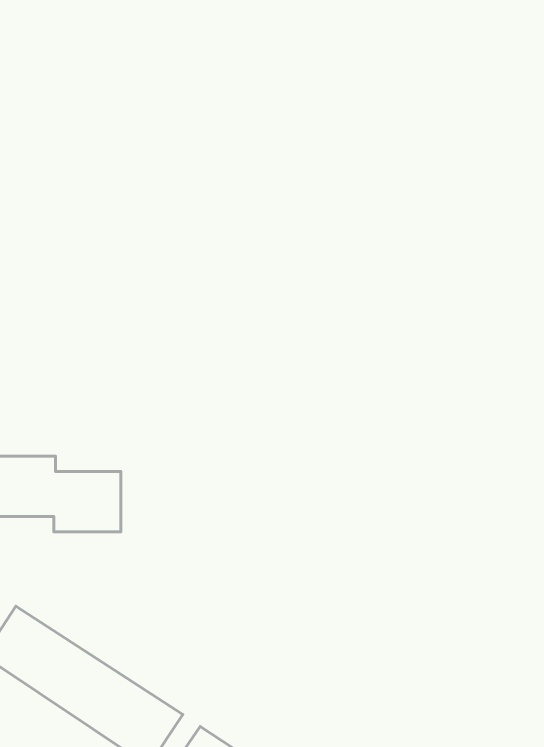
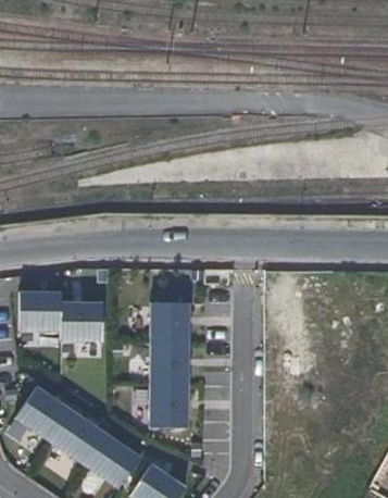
building: none -> [150,301,188,428]

